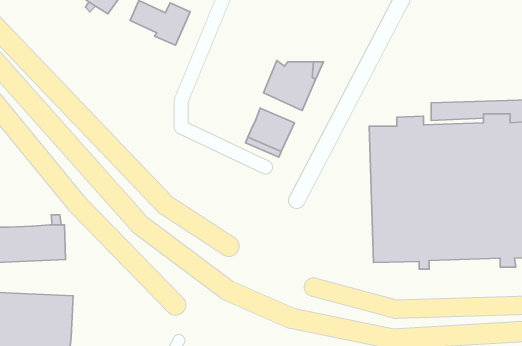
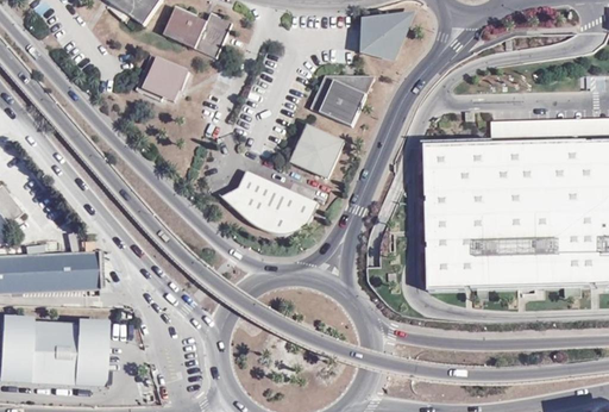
building: none -> [365,15,413,61]
building: none -> [138,56,190,101]
building: none -> [220,171,319,237]

